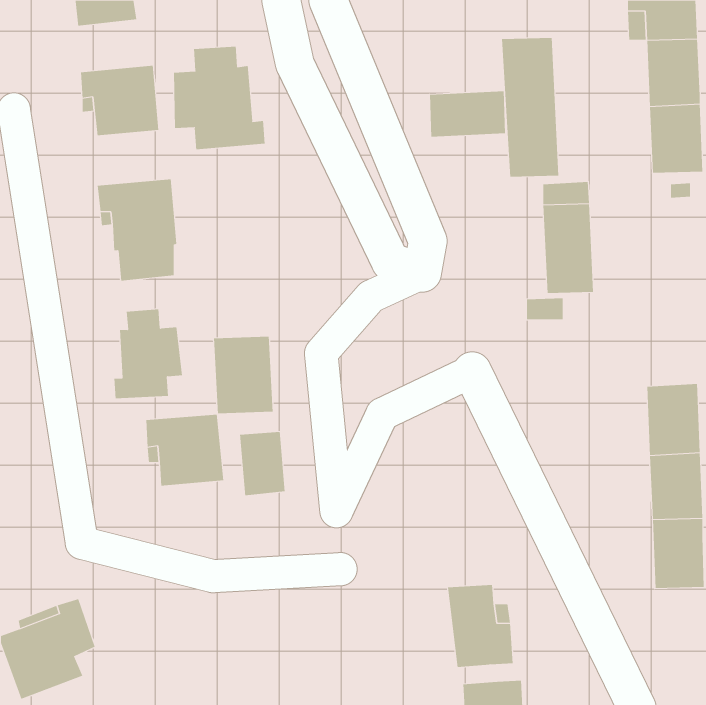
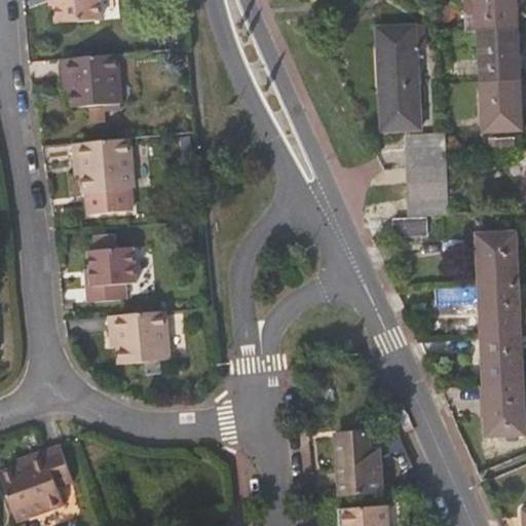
building: [173,46,265,150] -> none
building: [430,90,506,138] -> none
building: none -> [479,234,519,289]
building: [213,336,273,414] -> none
building: [240,431,285,496] -> none

